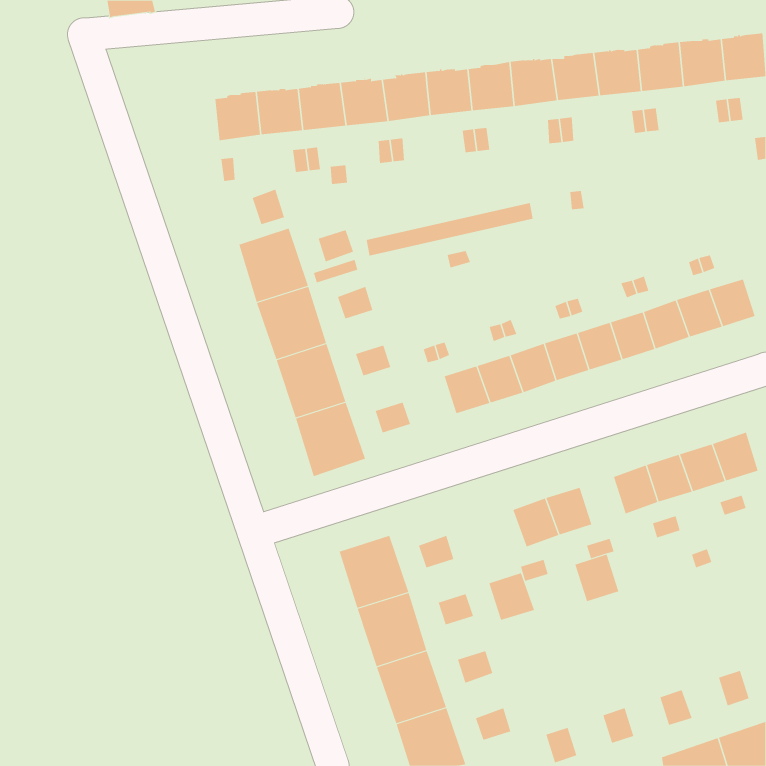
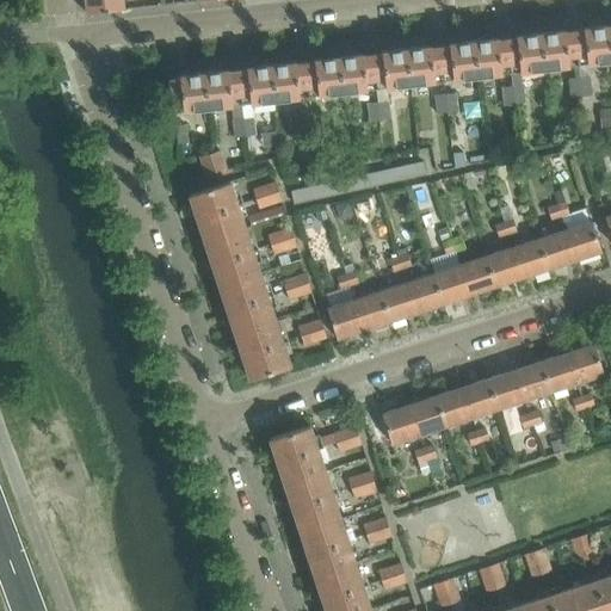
building: none -> [327,300,363,339]
building: [574,554,619,602] -> [462,379,498,418]
building: [488,573,535,621] -> [382,406,419,444]

